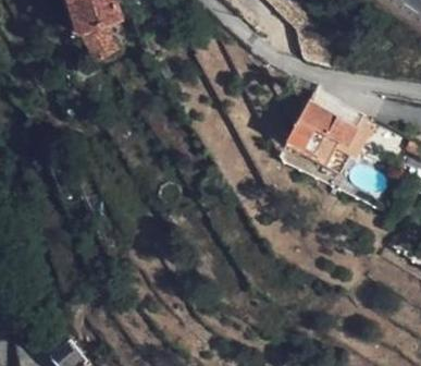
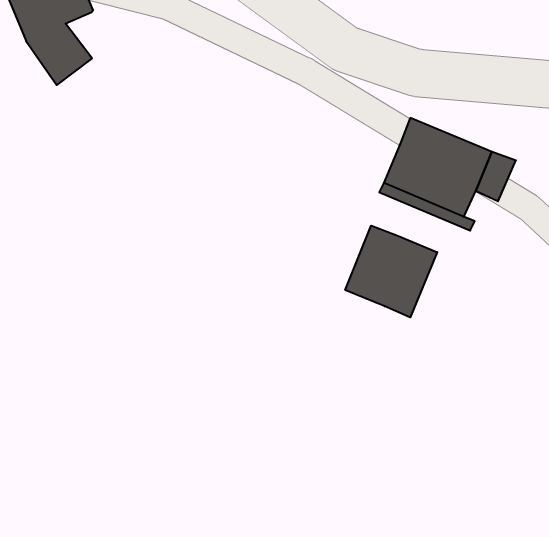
building: none -> [345,226,437,317]

